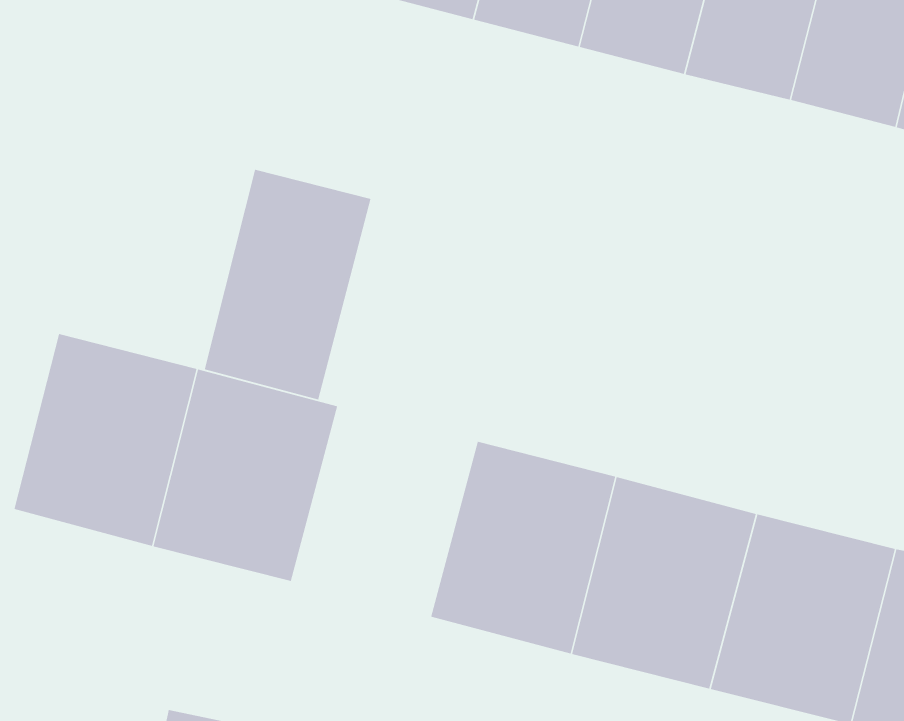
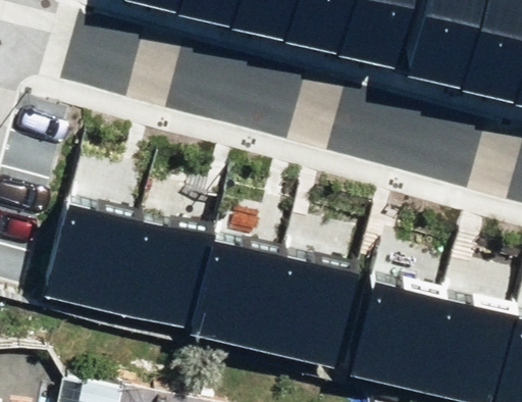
building: [204,169,372,401] -> none
building: none -> [187,229,283,339]

